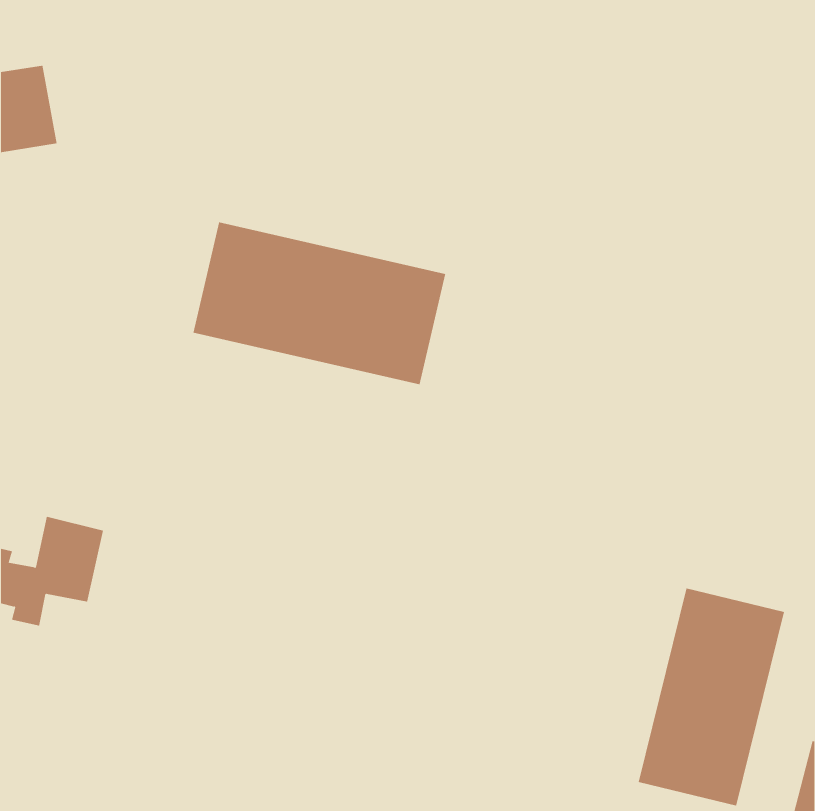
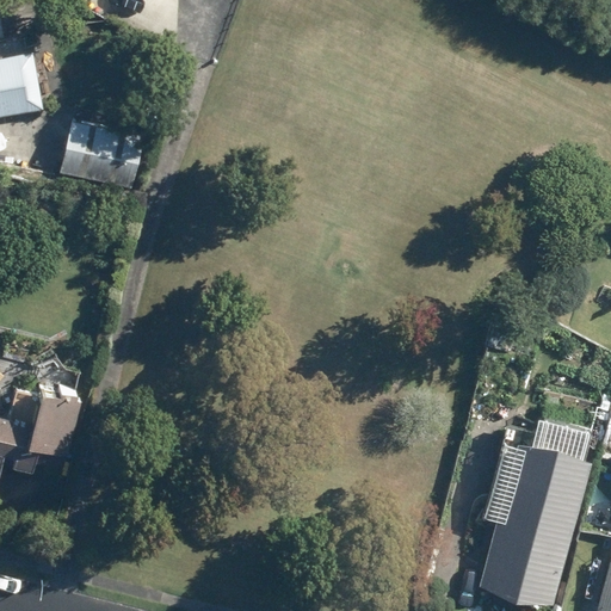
building: none -> [60,119,144,190]
building: [193,221,446,385] -> none

